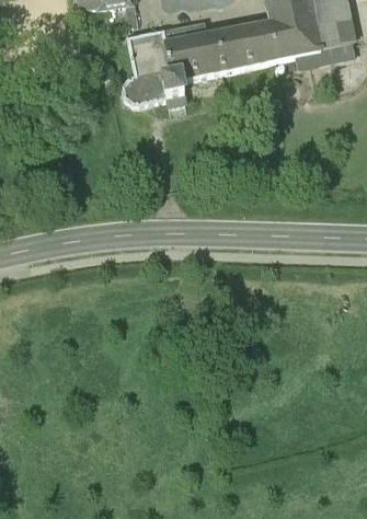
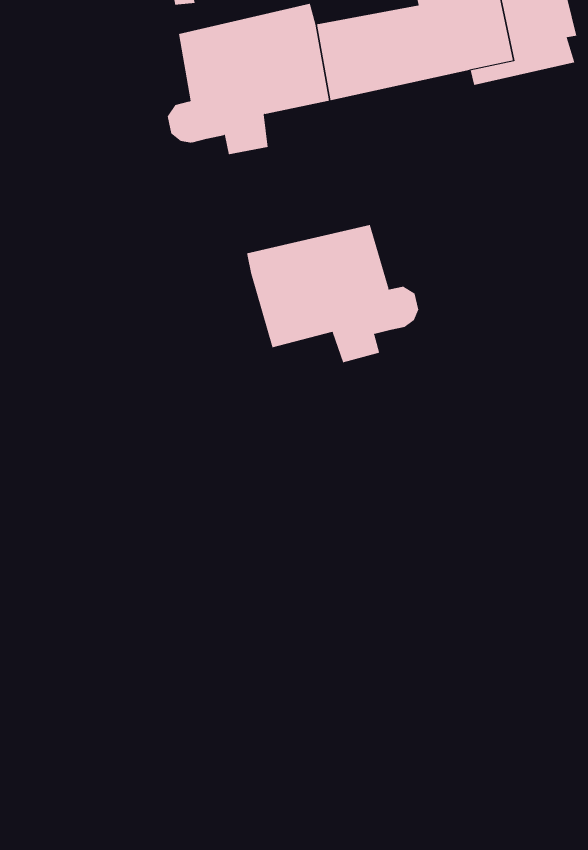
building: none -> [247,224,419,363]

